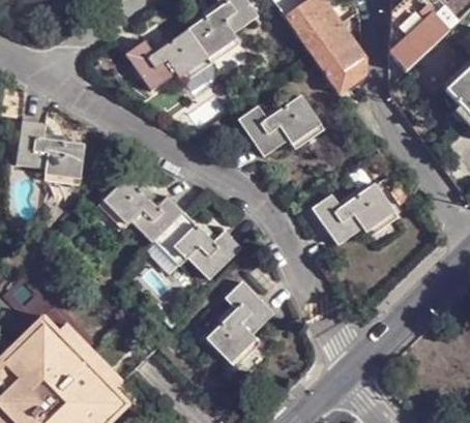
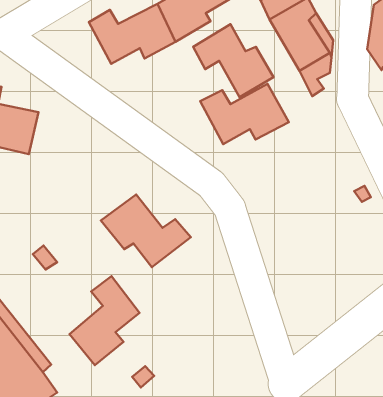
building: none -> [193,24,273,97]
building: [100,175,185,242] -> none
building: [312,183,395,242] -> none
building: [211,279,275,365] -> [69,276,139,365]

